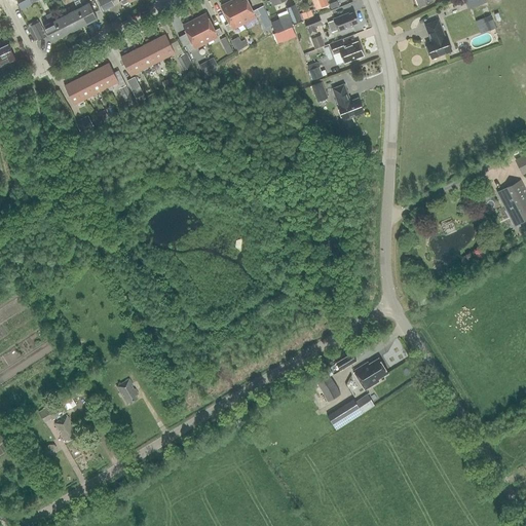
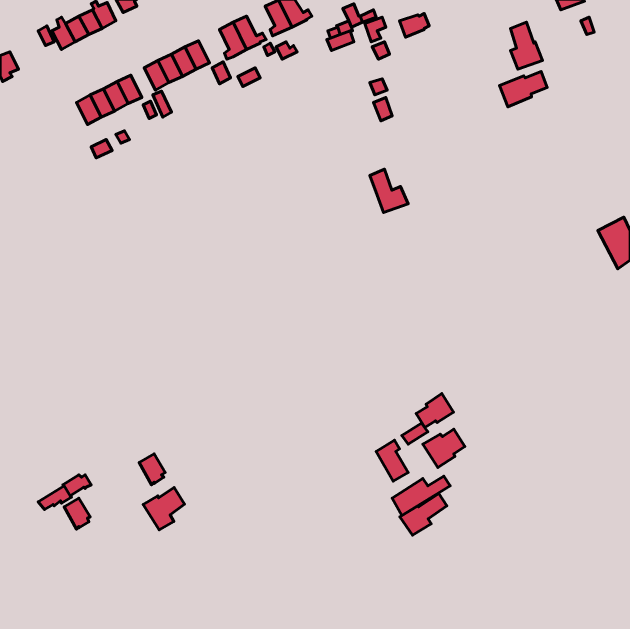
building: [329,39,364,63] -> none
building: none -> [499,72,547,107]
building: [332,83,364,119] -> [370,169,408,212]
building: none -> [416,394,454,427]
building: none -> [143,487,184,530]
building: none -> [400,493,447,535]

